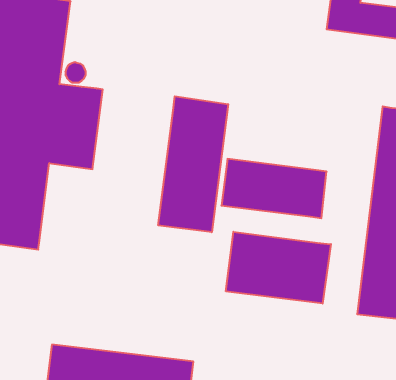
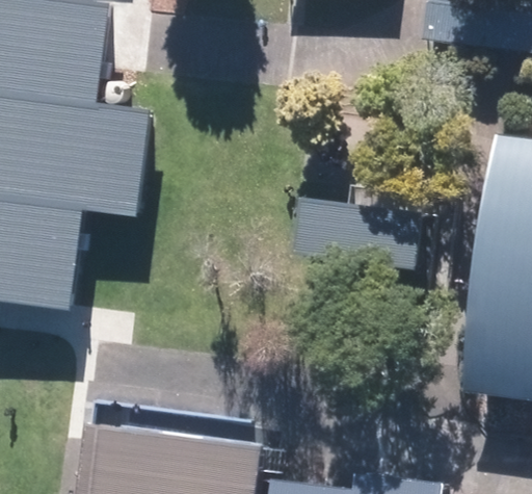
building: [158,96,228,232] -> none
building: [226,232,331,304] -> none

